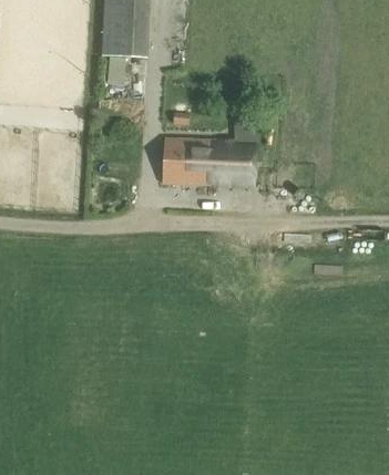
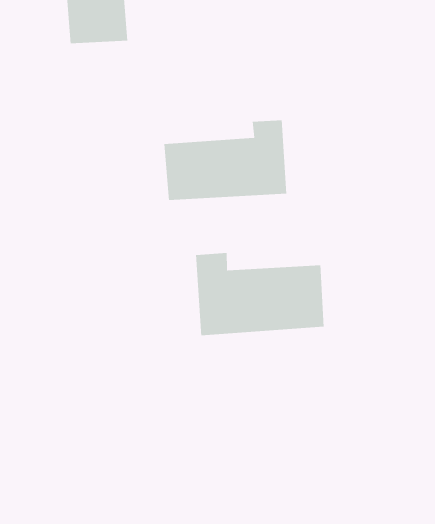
building: none -> [196,252,324,336]

